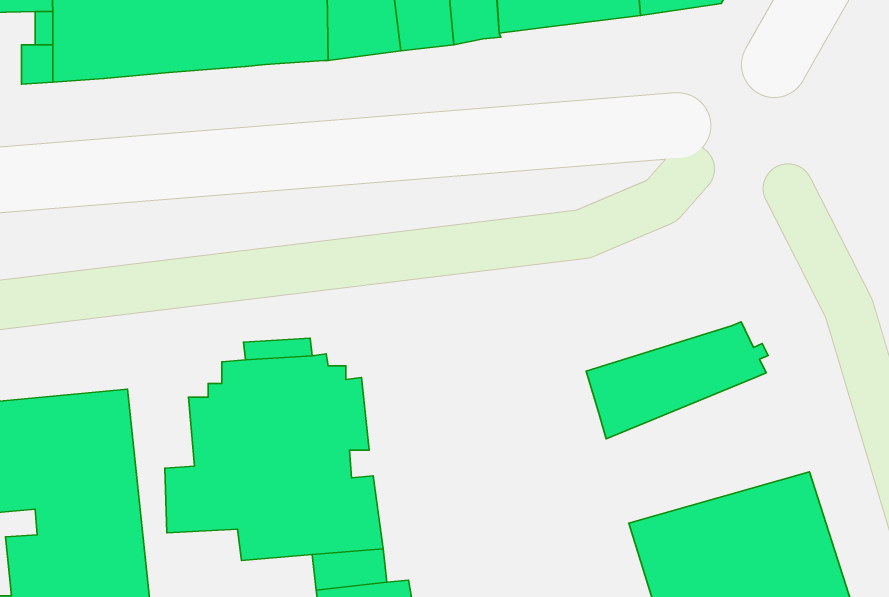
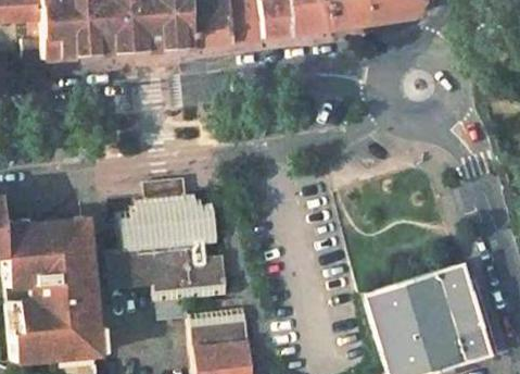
building: [586,322,768,439] -> none

